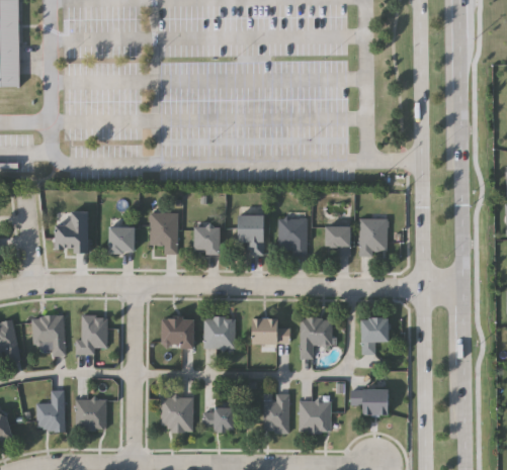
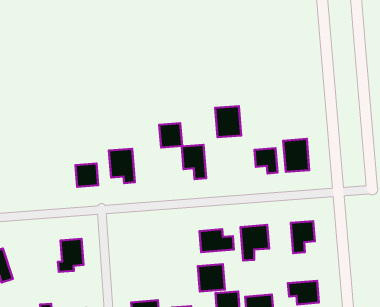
building: [55,212,88,252] -> none
building: [279,219,308,255] -> [215,106,241,137]
building: [194,226,220,254] -> [159,123,182,148]
building: [33,315,66,356] -> none
building: [205,317,236,348] -> [198,264,225,291]
building: [161,318,194,348] -> none

